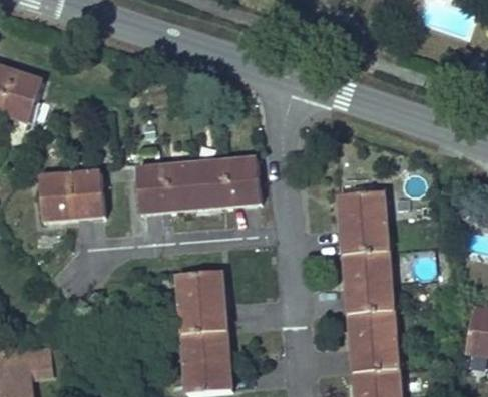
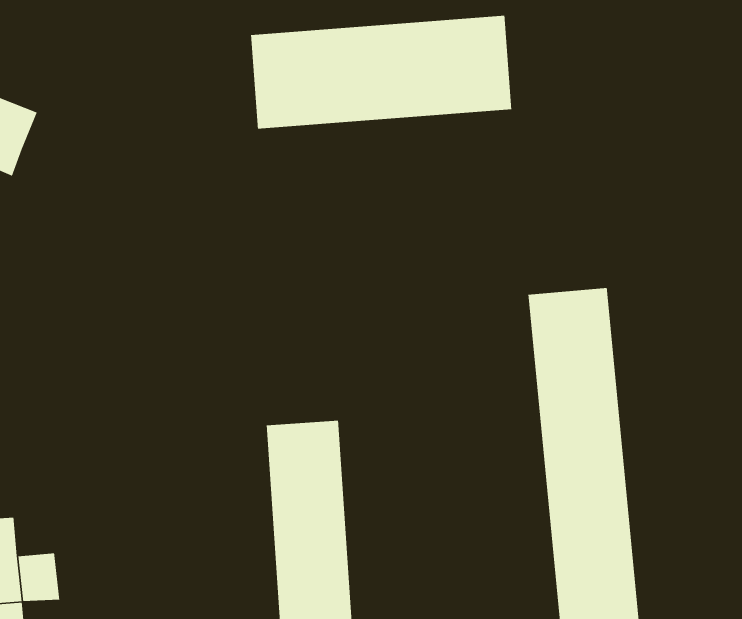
building: none -> [250,15,512,129]
building: [138,155,260,211] -> none
building: [41,170,100,220] -> none

